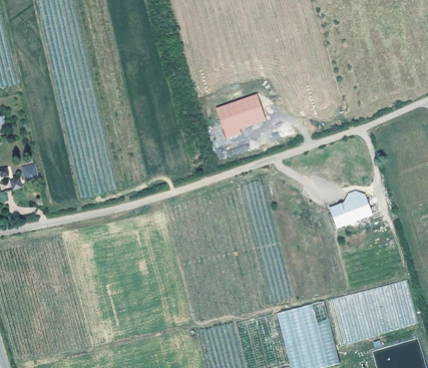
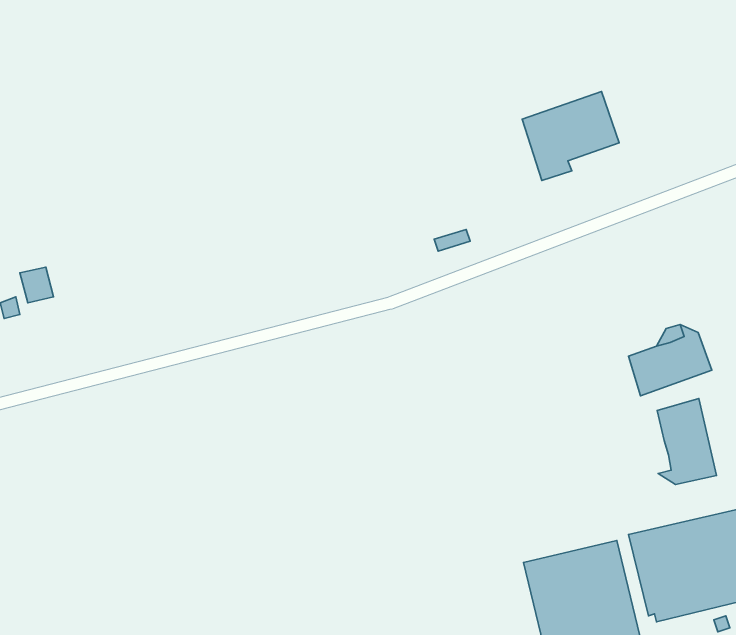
building: [217,93,266,138] -> [522,91,619,181]
building: none -> [657,399,717,485]

